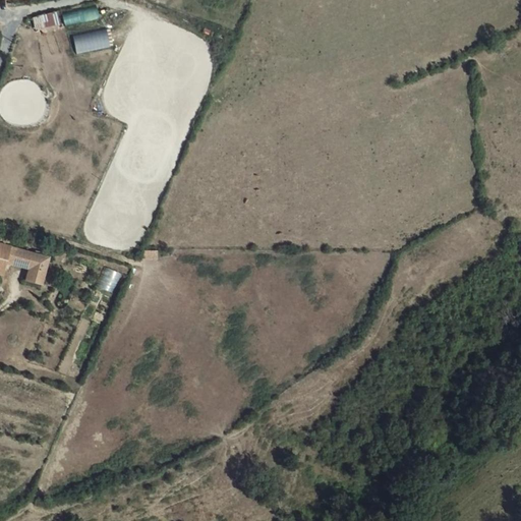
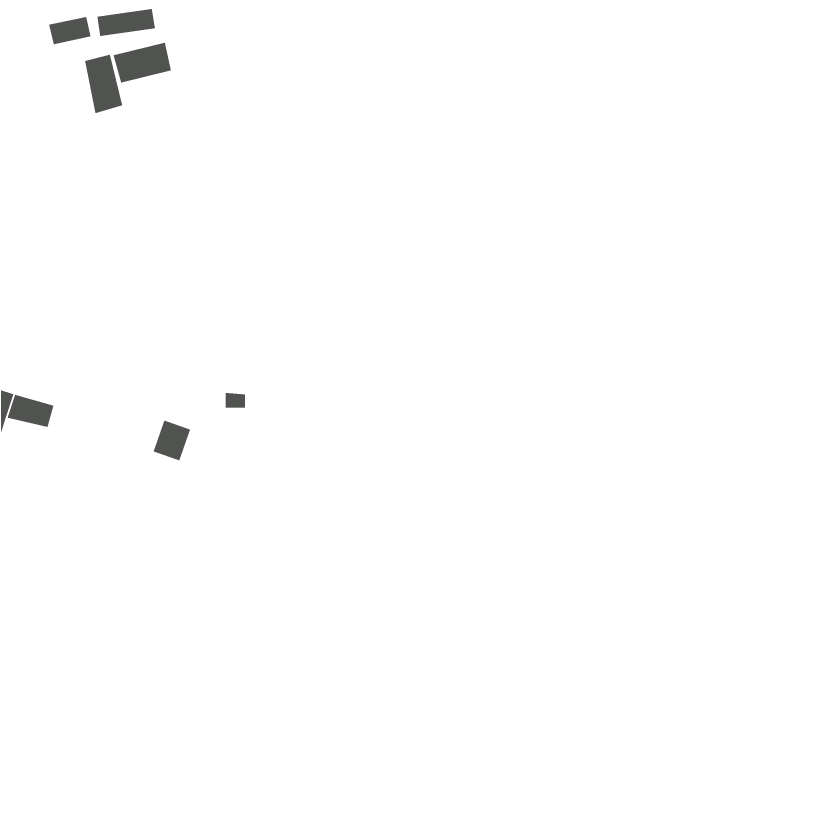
building: none -> [84,54,123,114]
building: [27,256,50,286] -> none

